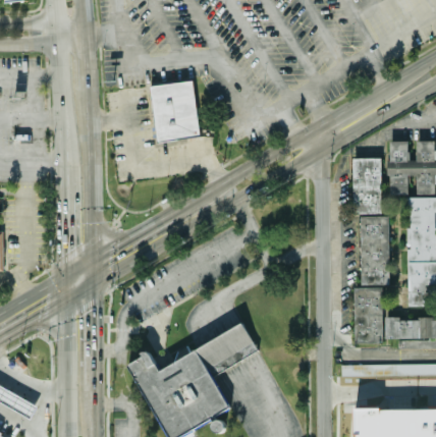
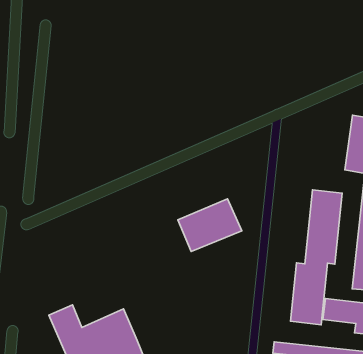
building: [149,80,198,142] -> none
building: [353,158,382,214] -> none
building: [195,325,257,379] -> [178,199,242,251]

